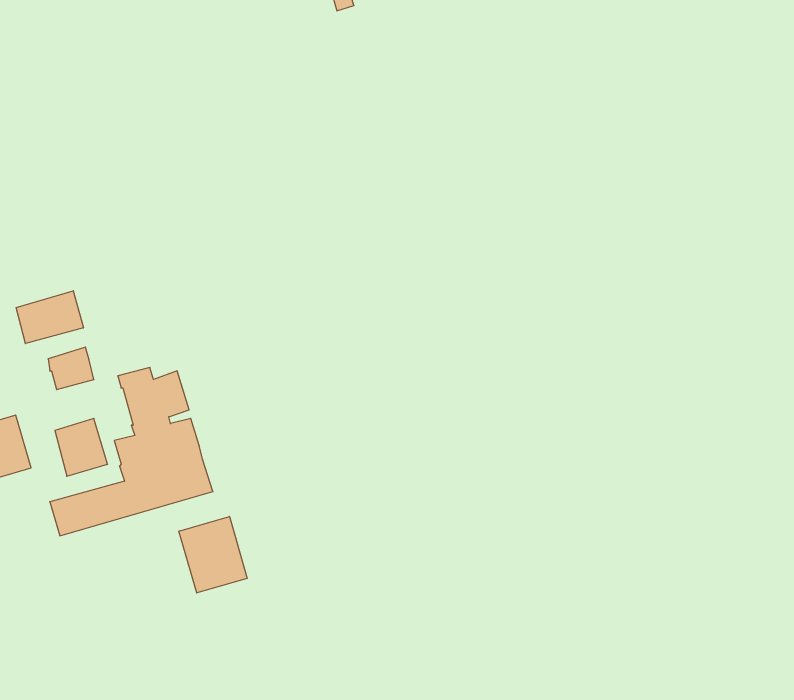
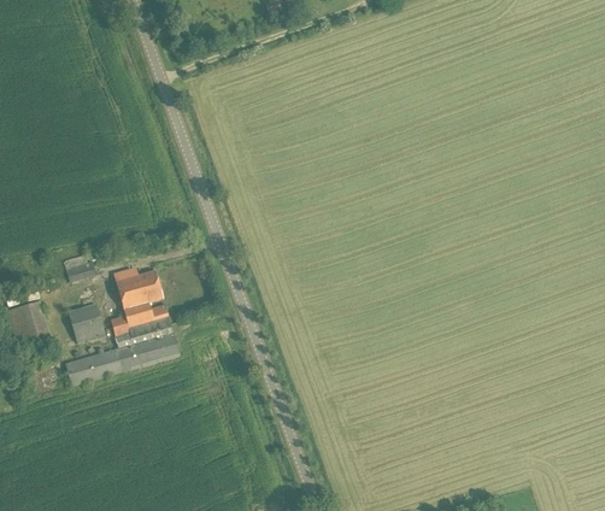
building: [16,291,83,344] -> none
building: [179,516,247,593] -> none

